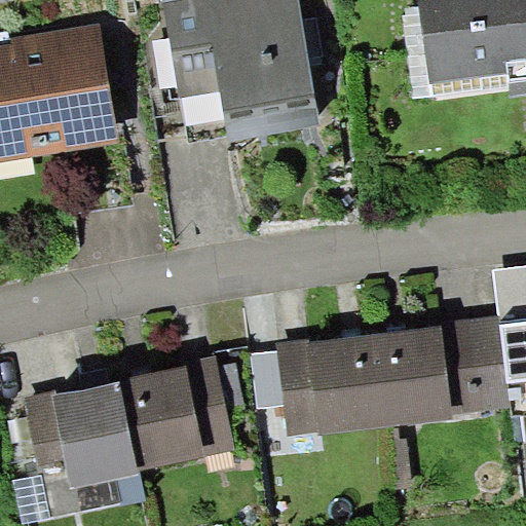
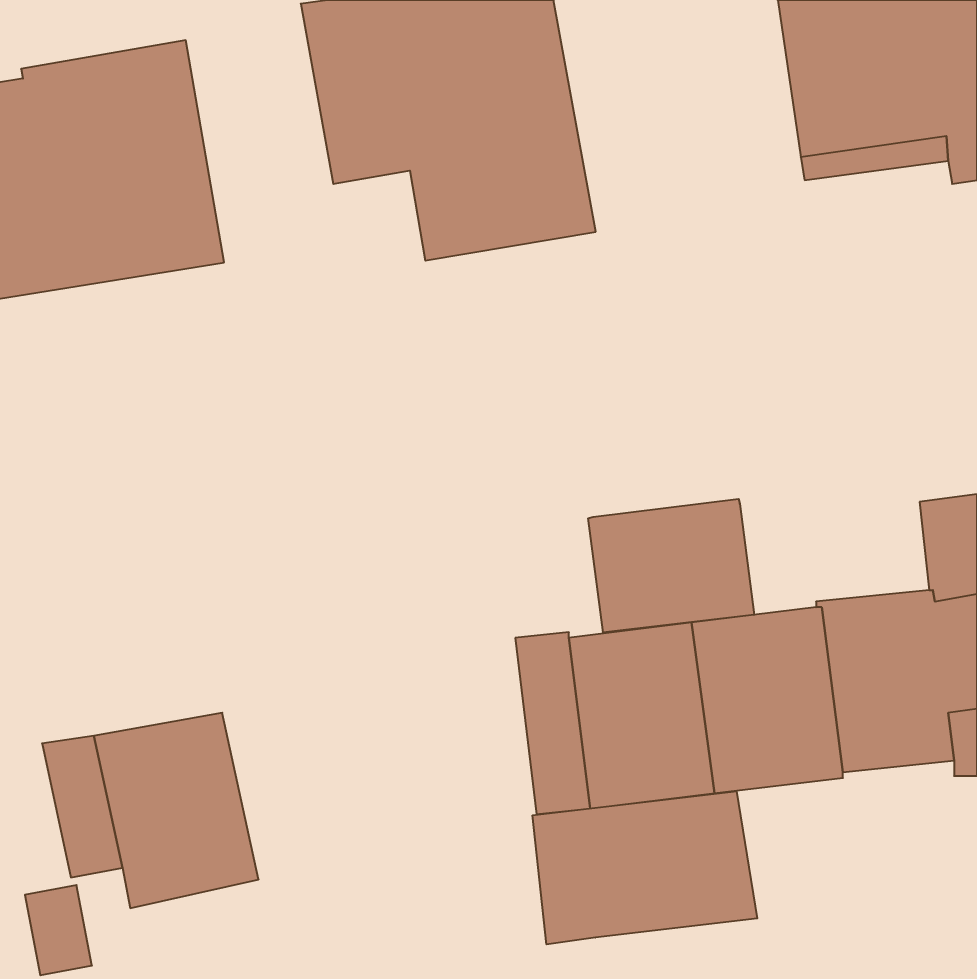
building: none -> [588,499,754,633]
building: [118,356,233,472] -> none
building: none -> [533,791,757,944]

